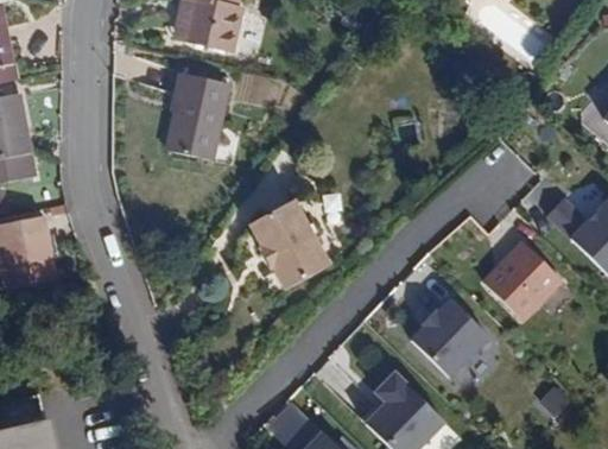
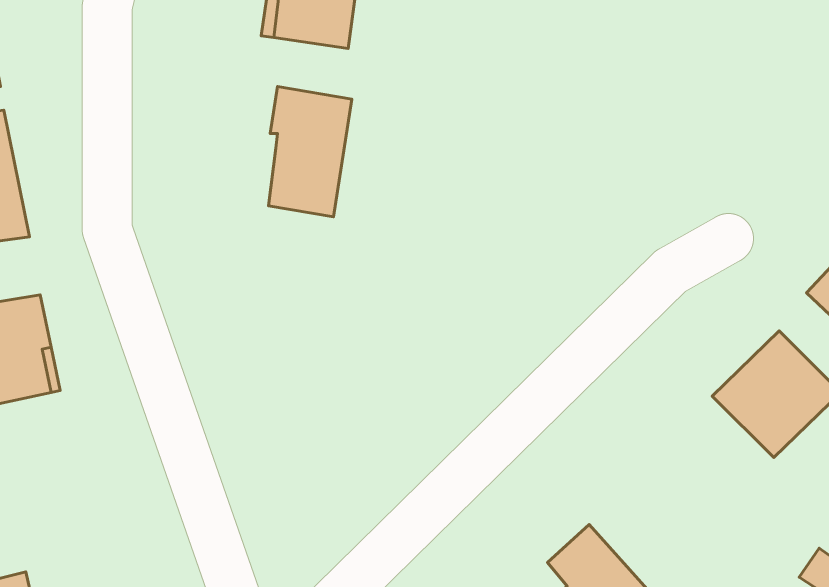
building: [246,196,324,284] -> none
building: [408,295,490,378] -> none

